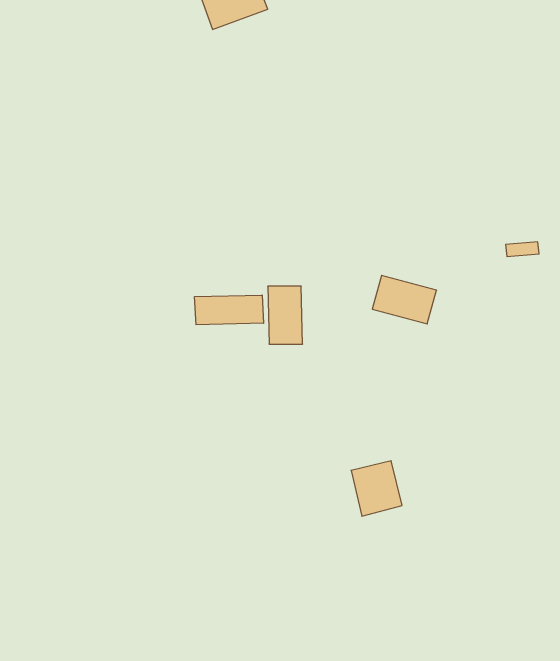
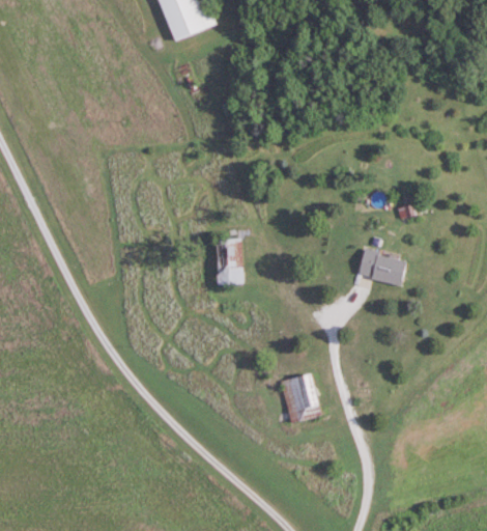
building: [372,275,437,324] -> [359,249,408,286]
building: [195,295,264,325] -> none

